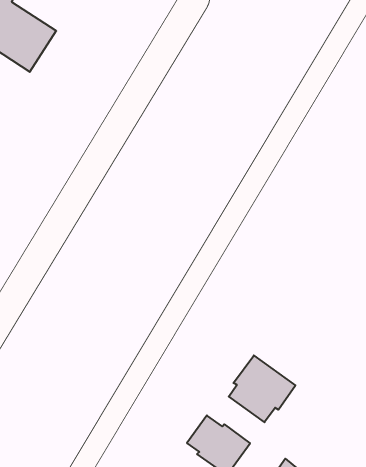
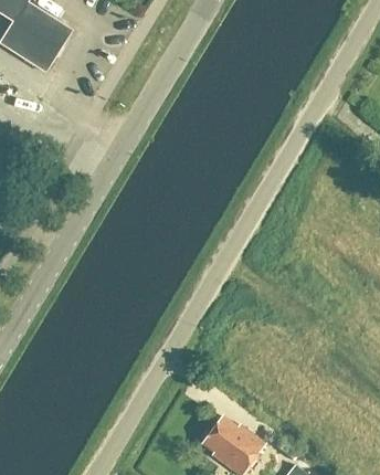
building: [229,355,295,422] -> none

